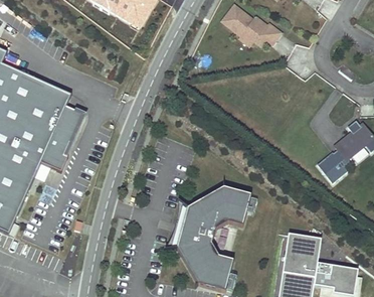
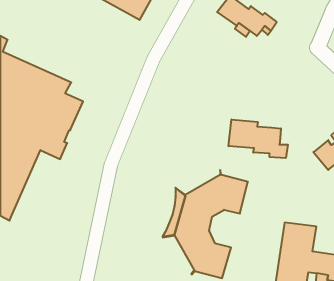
building: none -> [229,119,288,158]

